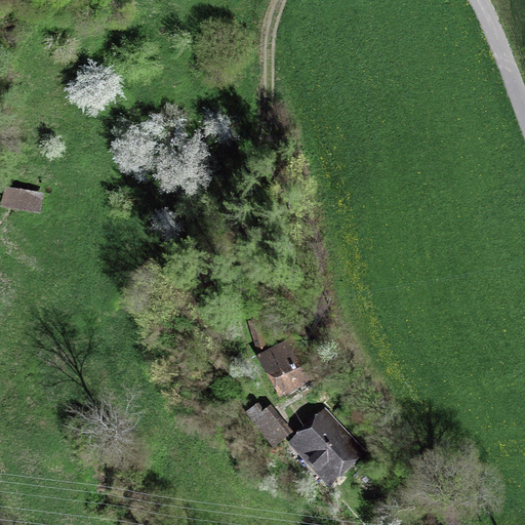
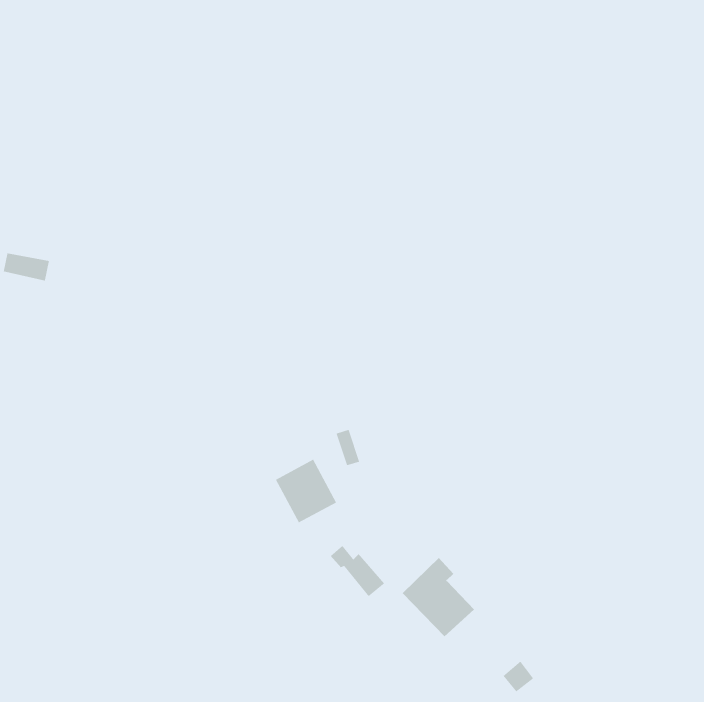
building: [261,341,308,390] -> [275,459,337,523]

